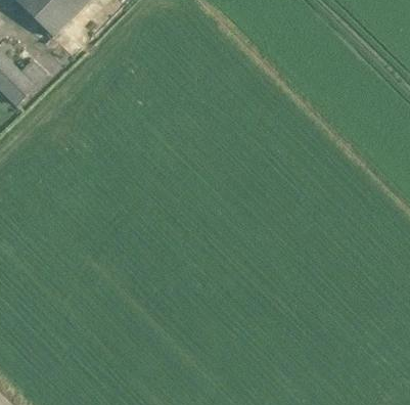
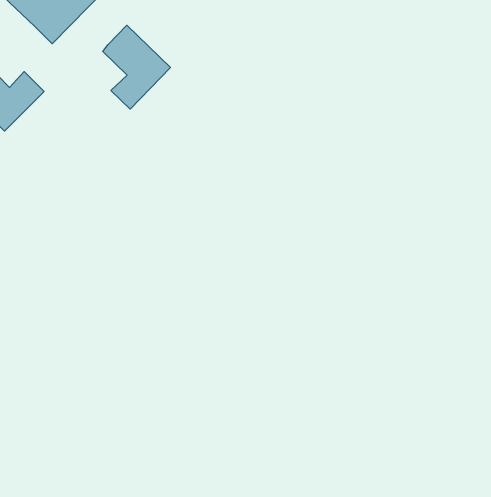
building: none -> [103,25,170,109]

